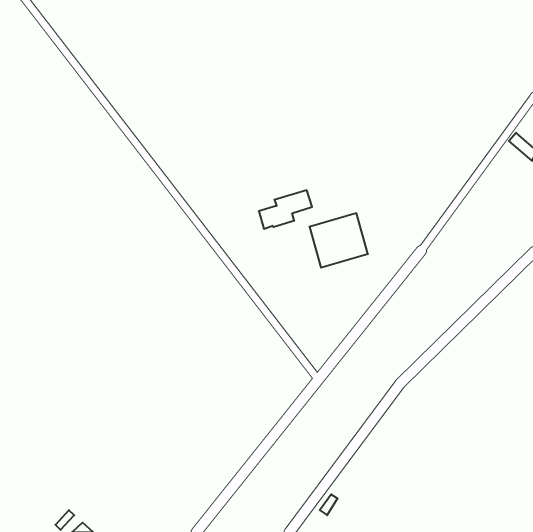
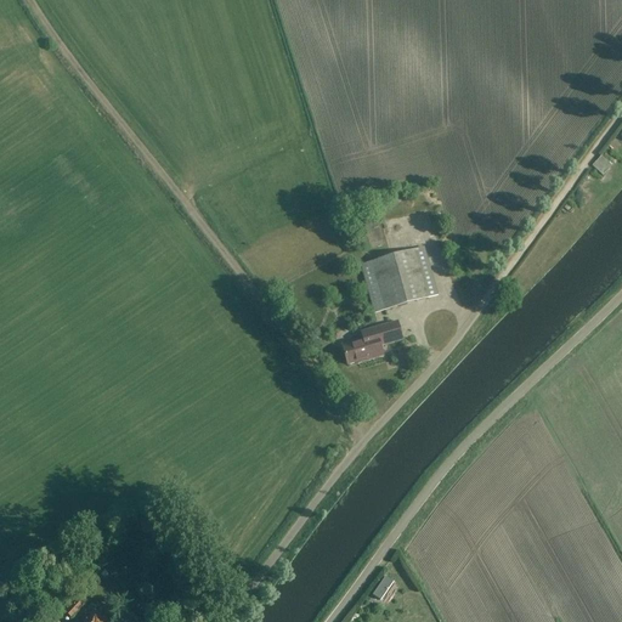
building: [259,190,312,229] -> [343,318,405,363]

